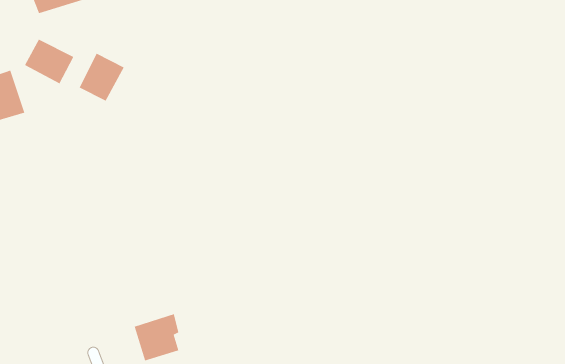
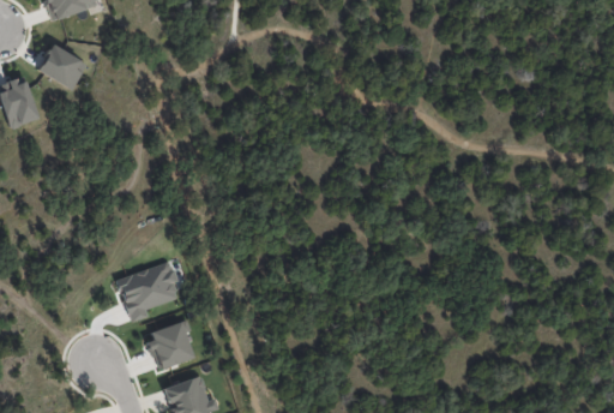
building: [79,53,124,101] -> none
building: none -> [116,262,179,322]

